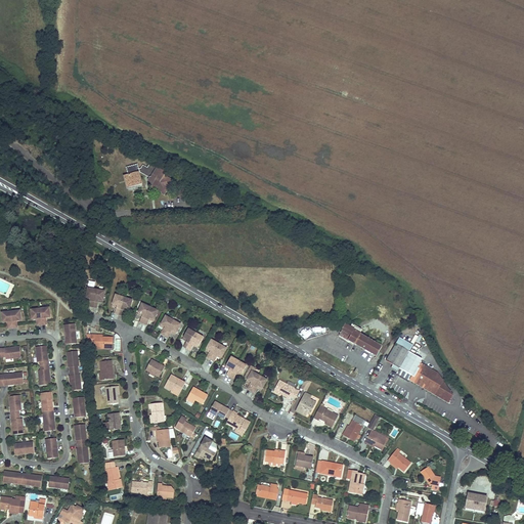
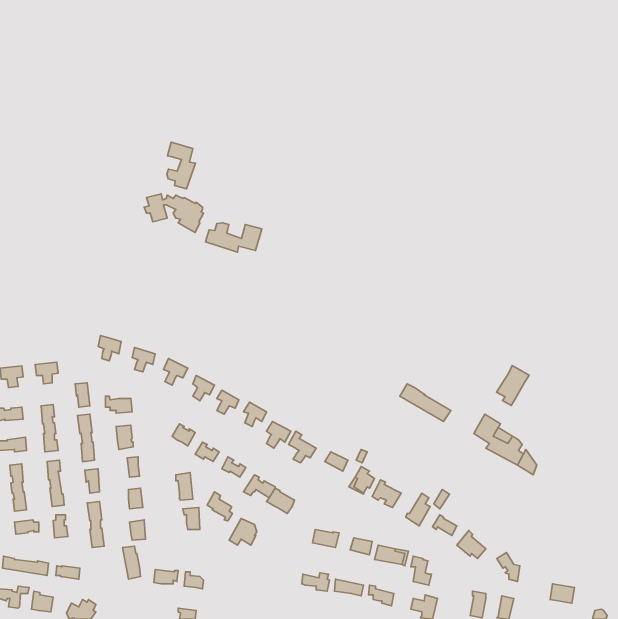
building: none -> [167,142,195,189]
building: none -> [206,223,262,252]
building: [386,336,413,369] -> [497,365,529,405]

